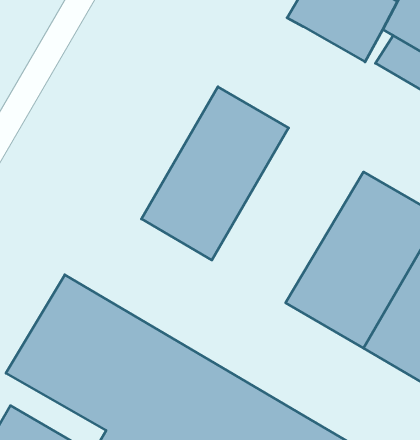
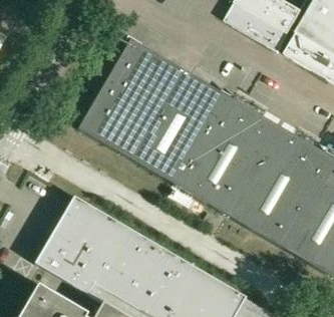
building: none -> [76,38,178,156]
building: none -> [174,94,277,214]

